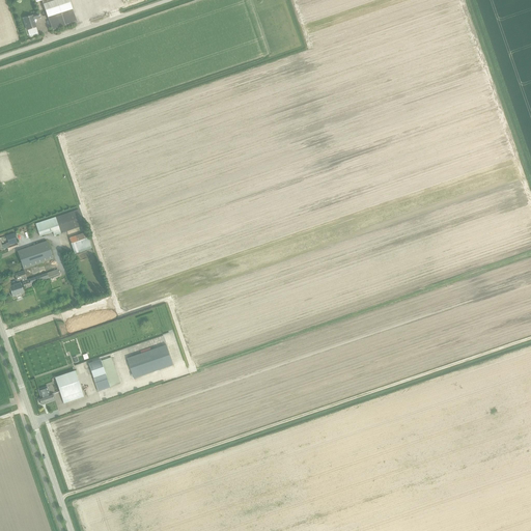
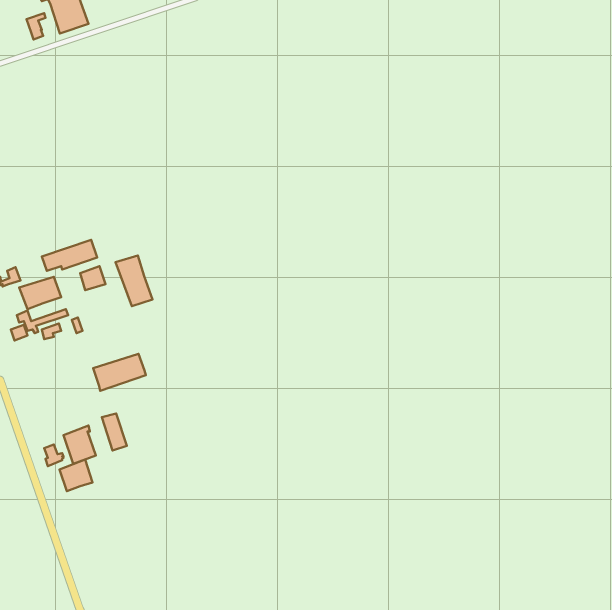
building: none -> [116,256,152,306]
building: [128,344,173,376] -> [93,354,146,391]
building: none -> [60,459,92,491]

